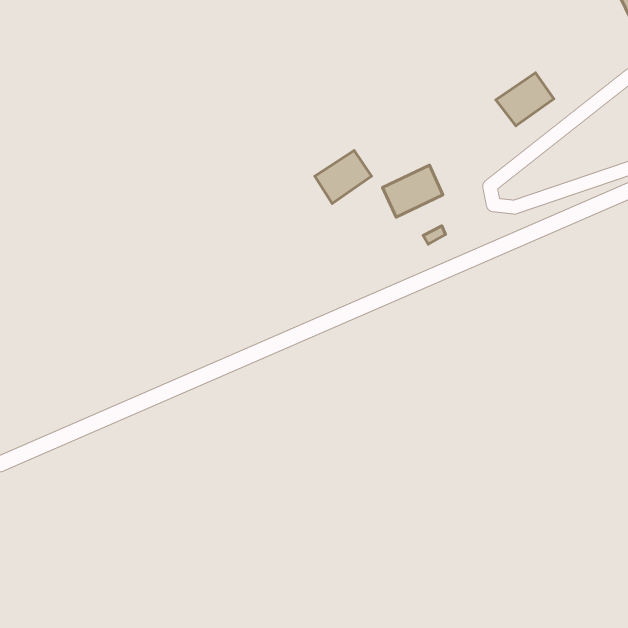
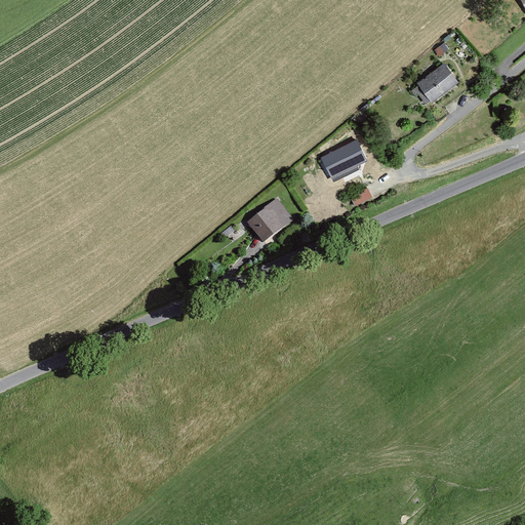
building: [315,150,372,203] -> [245,201,292,245]

